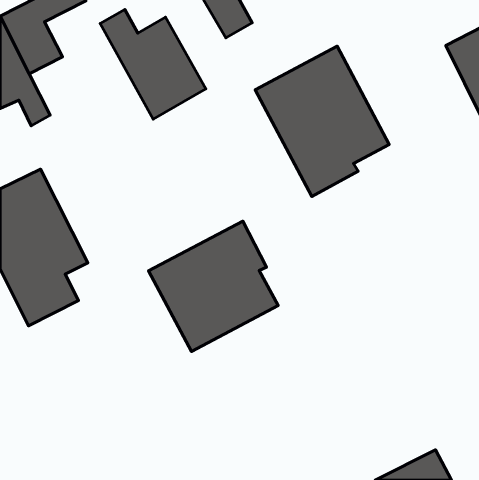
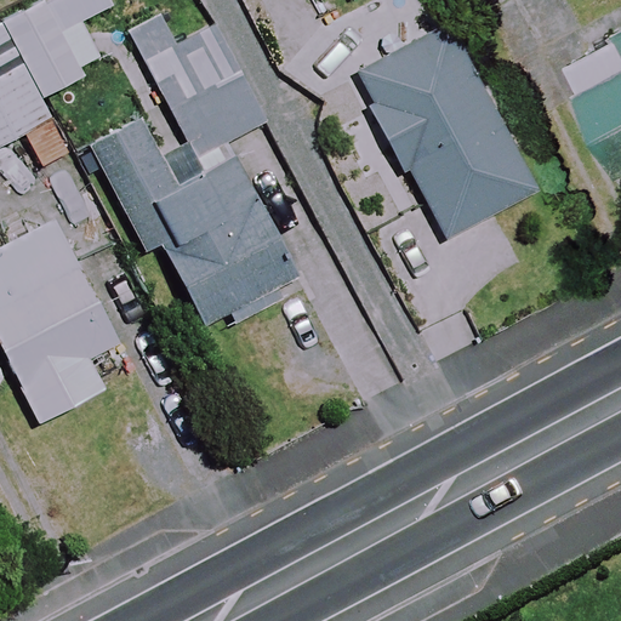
building: none -> [91,116,296,327]
building: [149,221,278,352] -> none

